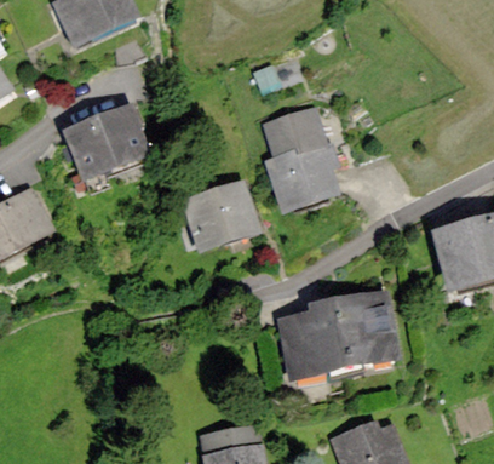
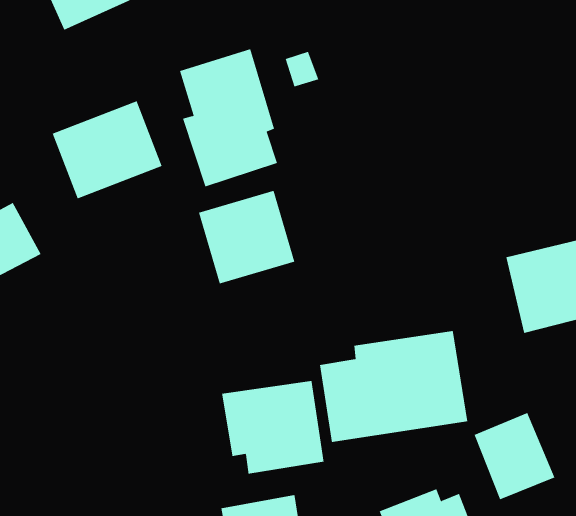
building: [260,103,340,216] -> [179,48,278,187]
building: none -> [222,380,324,474]
building: none -> [474,412,555,500]

